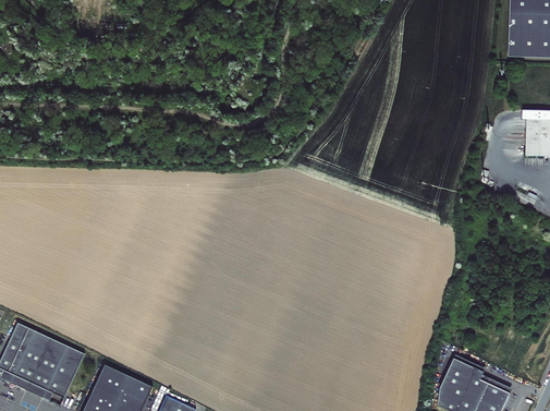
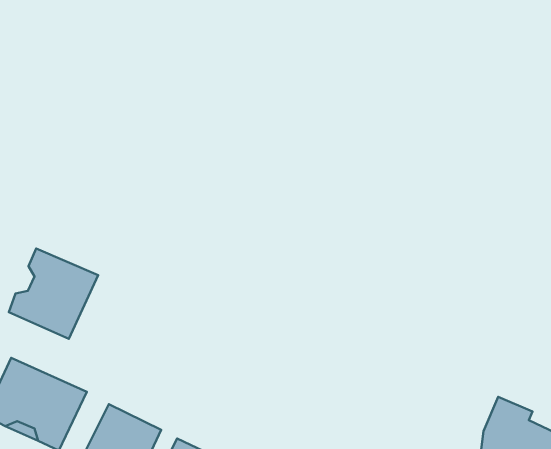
building: none -> [9,248,98,339]

